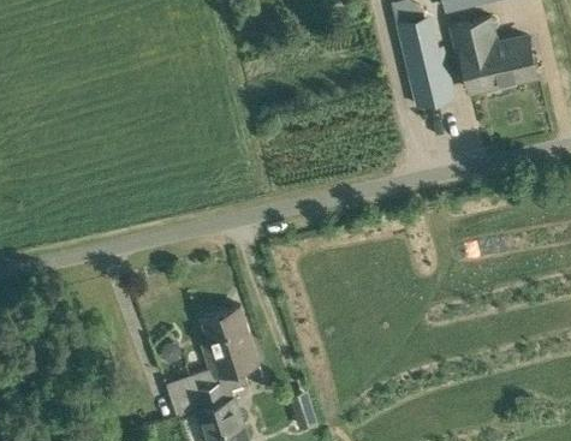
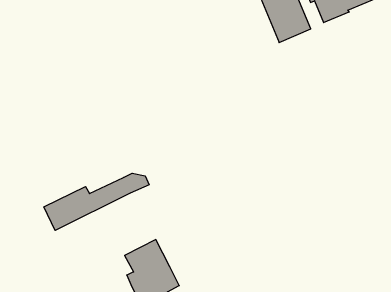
building: none -> [44,173,149,230]

